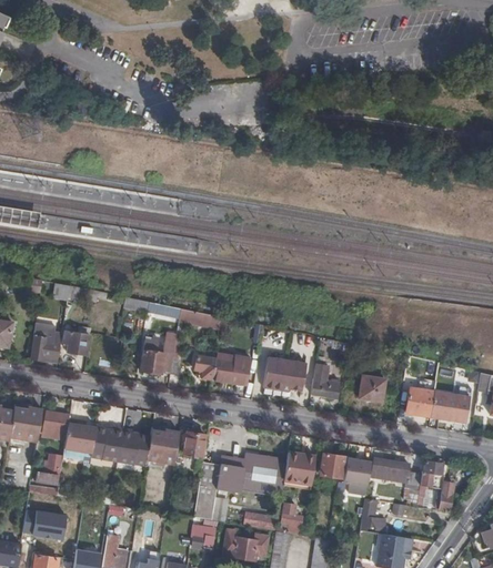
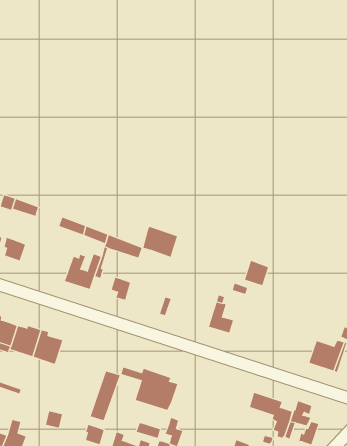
building: [213,354,251,385] -> [142,226,178,258]
building: [264,357,306,390] -> none
building: [360,375,385,402] -> [244,260,269,286]
building: [406,387,435,416] -> none
building: [147,427,180,465] -> none
building: [183,432,205,469] -> none
building: [284,452,316,489] -> none
building: [320,454,344,478] -> none
building: [345,457,373,486] -> none
building: [217,464,245,494] -> none

